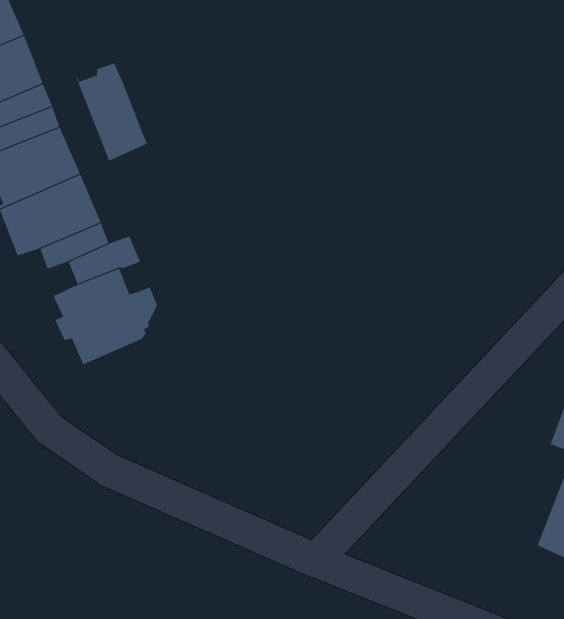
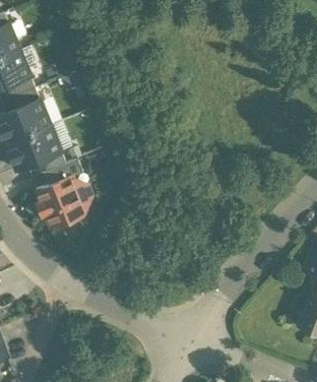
building: [76,62,148,161] -> none

